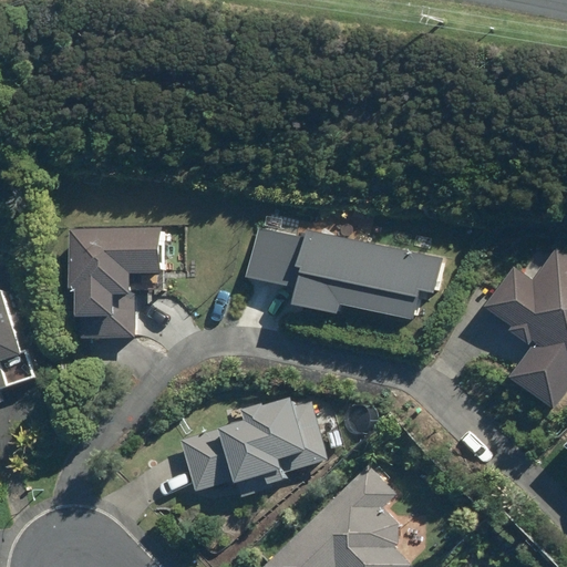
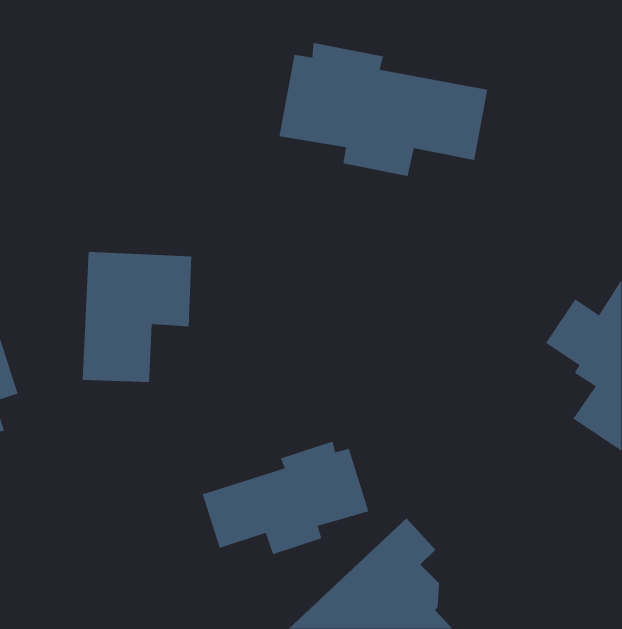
building: none -> [279,42,488,177]
building: [239,220,449,317] -> none

